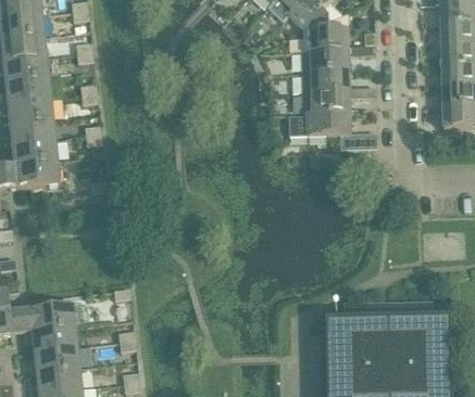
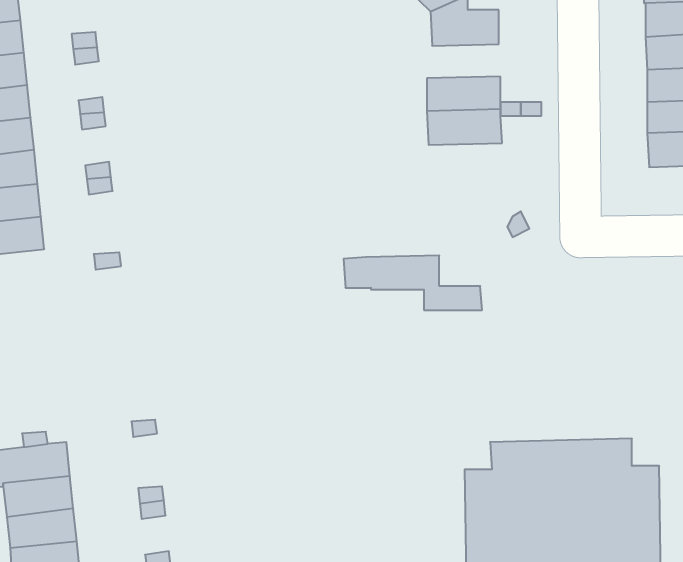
building: [301,51,349,73] -> none
building: [289,114,377,149] -> [344,255,482,310]

